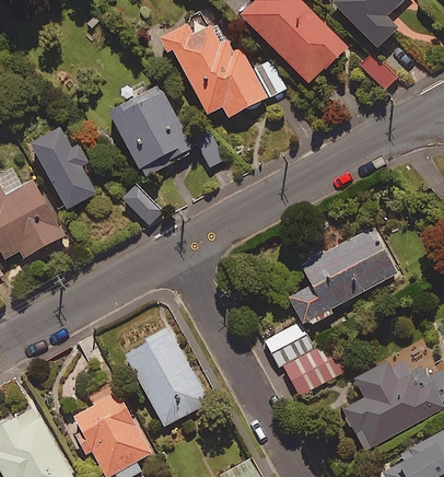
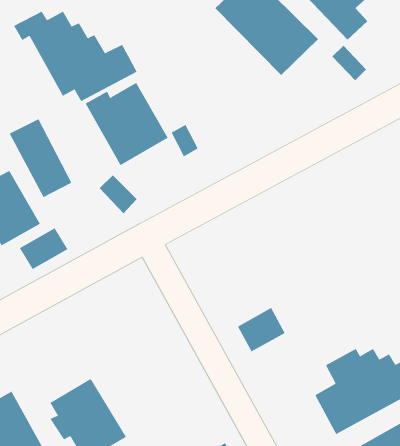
building: [159,24,285,117] -> [13,11,138,102]
building: [289,228,395,324] -> none
building: none -> [19,228,68,270]
building: [124,329,208,426] -> none
building: [282,341,342,394] -> none

